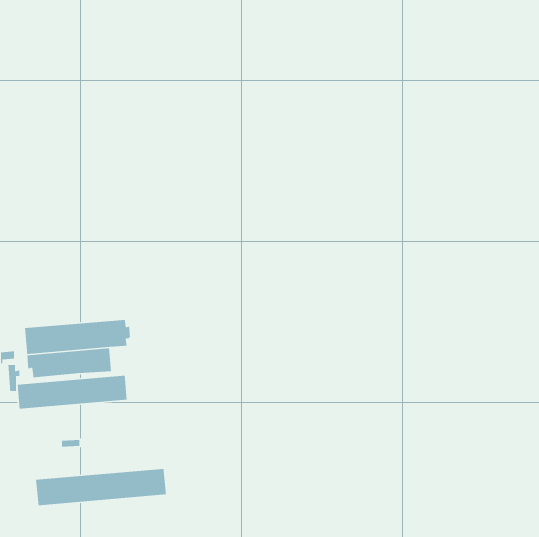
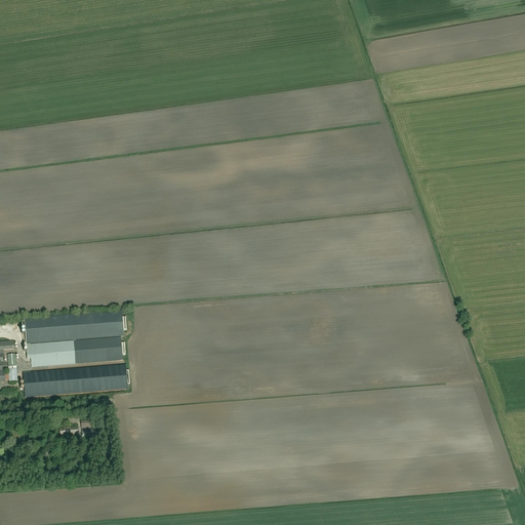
building: none -> [107,338,126,363]
building: [35,468,167,506] -> none

